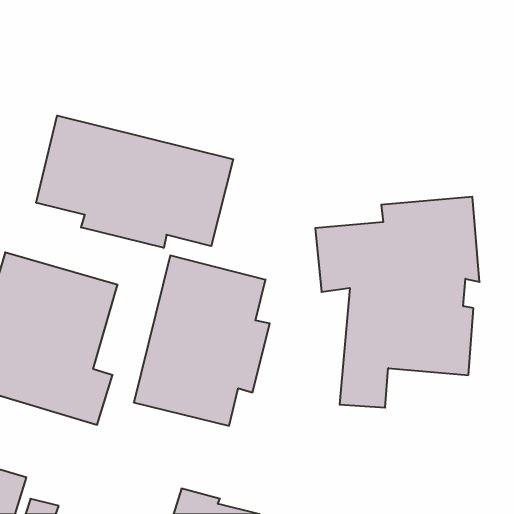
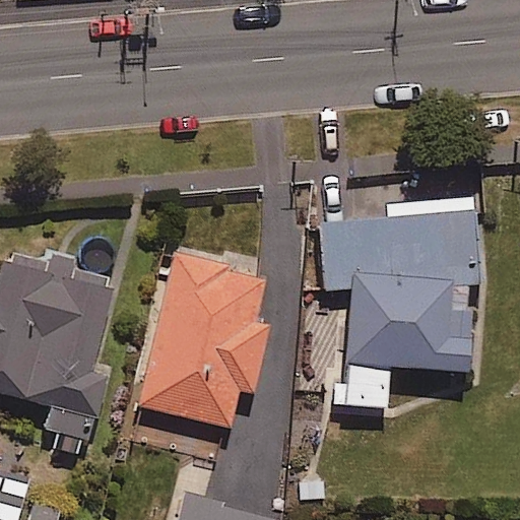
building: [36,116,233,248] -> none

